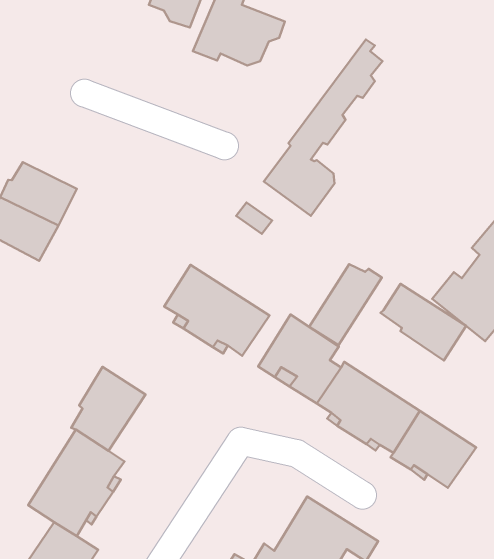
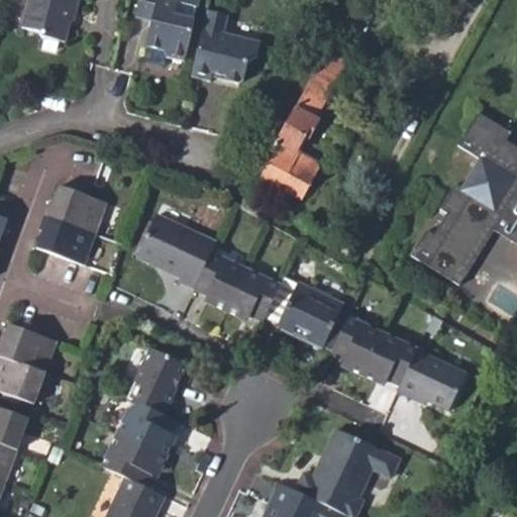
building: none -> [134,215,213,289]
building: [309,264,382,345] -> none
building: [381,284,466,360] -> none

